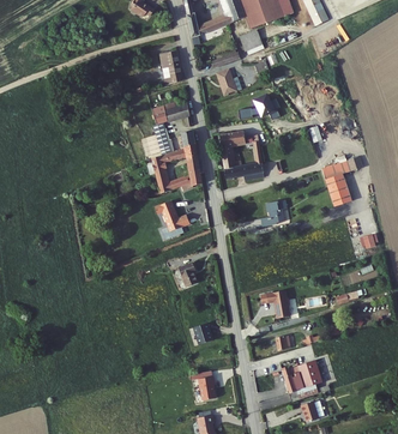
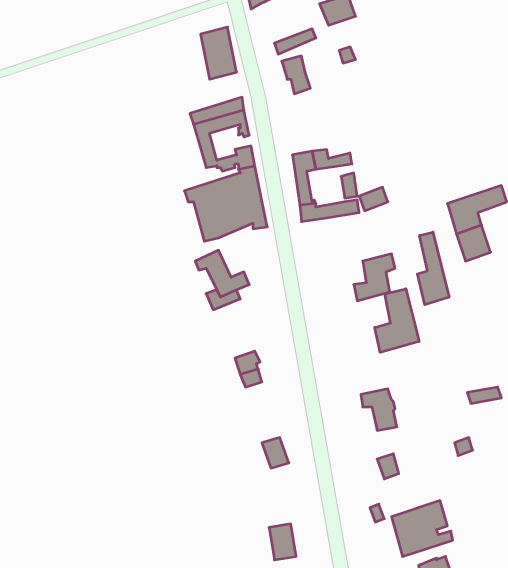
building: none -> [417,232,449,305]
building: none -> [375,289,419,352]

